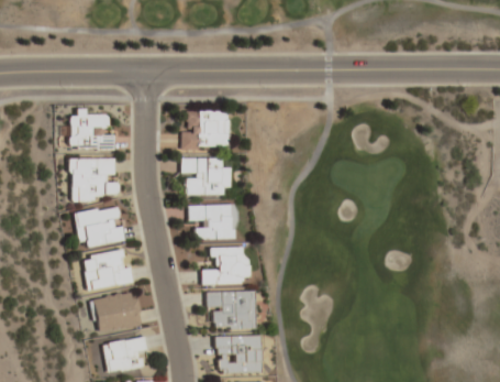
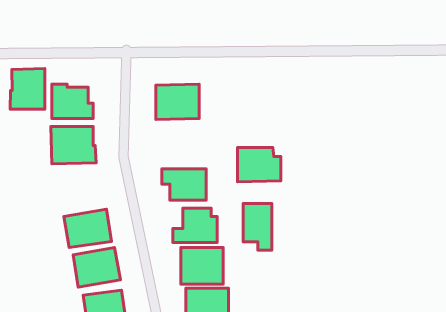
building: none -> [10,68,45,109]
building: [184,157,231,195] -> [238,147,281,182]
building: [75,205,126,248] -> none
building: none -> [243,204,272,250]

